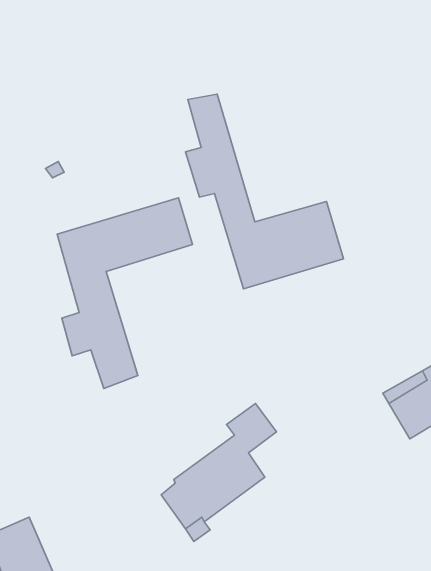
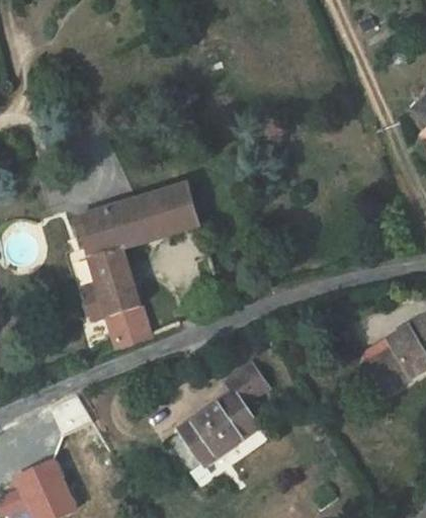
building: [186,94,344,289] -> none

